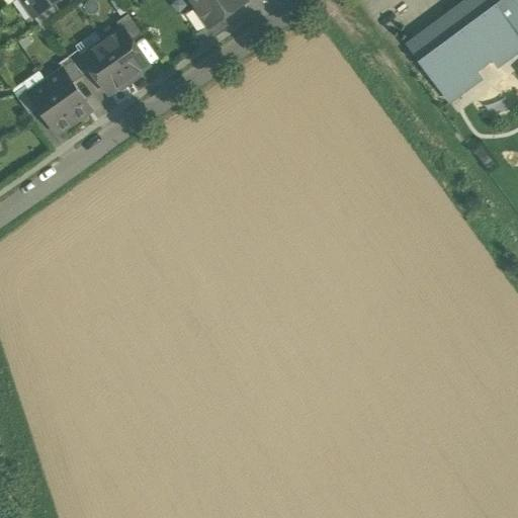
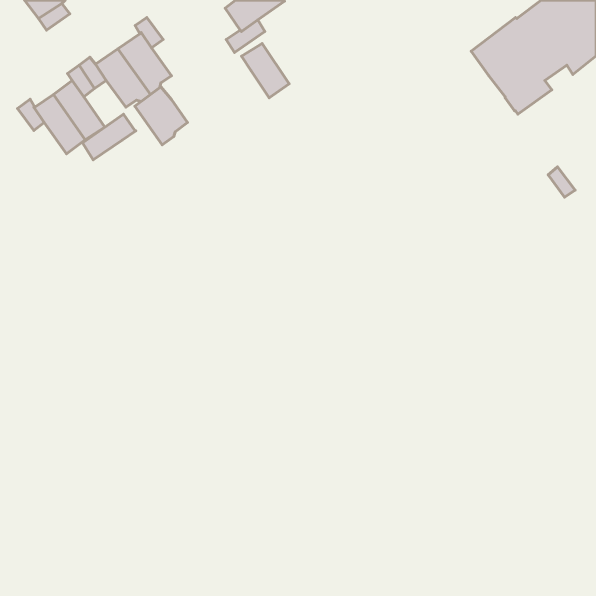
building: none -> [242,43,289,98]
building: none -> [135,87,187,145]
building: none -> [82,114,136,160]

